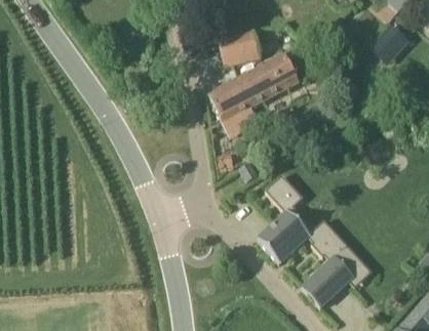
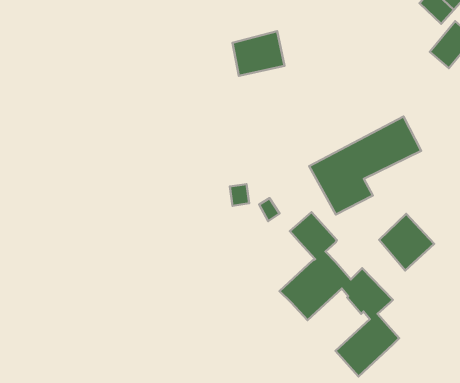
building: [208,56,299,135] -> [309,116,421,215]
building: none -> [379,214,434,271]

